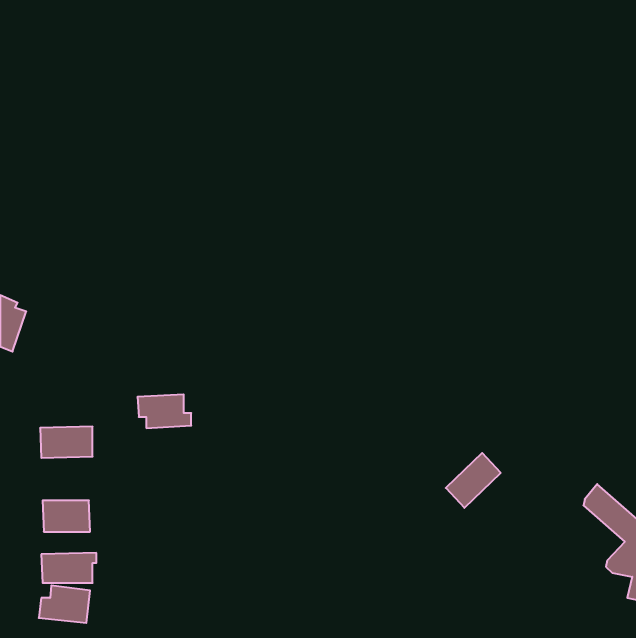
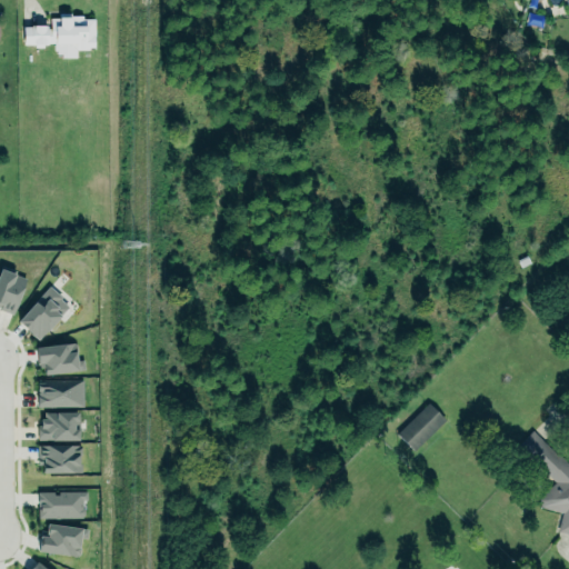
building: none -> [27,12,99,57]
building: none -> [20,284,69,337]
building: [137,394,191,428] -> [38,345,86,375]
building: none -> [42,412,81,441]

